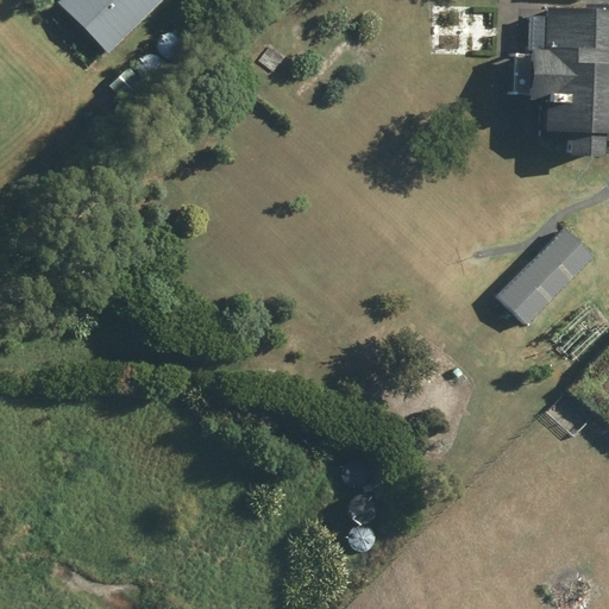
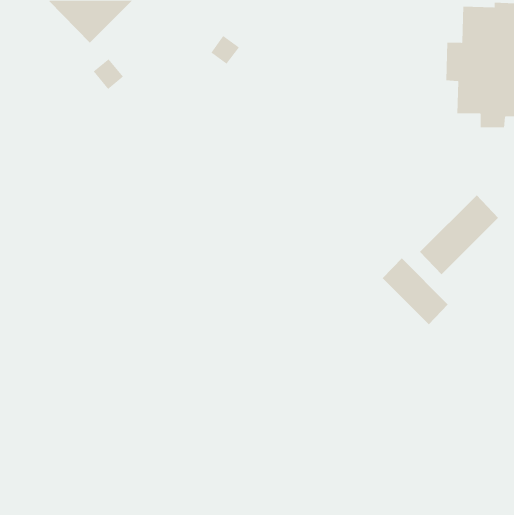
building: none -> [382,258,449,325]

